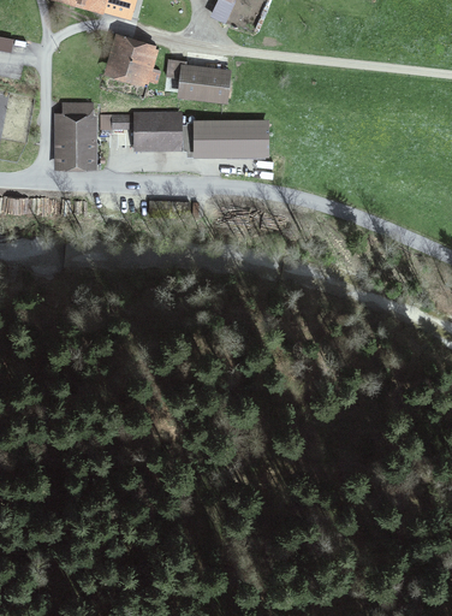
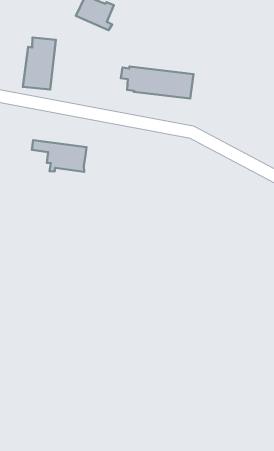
building: [180,70,226,99] -> none
building: [111,117,178,152] -> [32,140,86,172]

